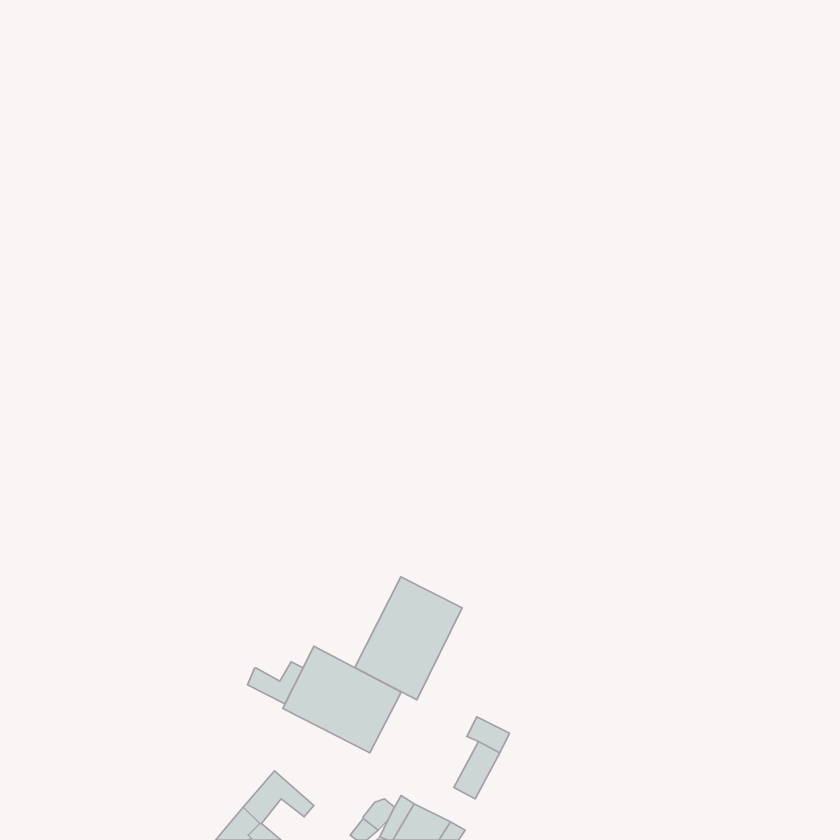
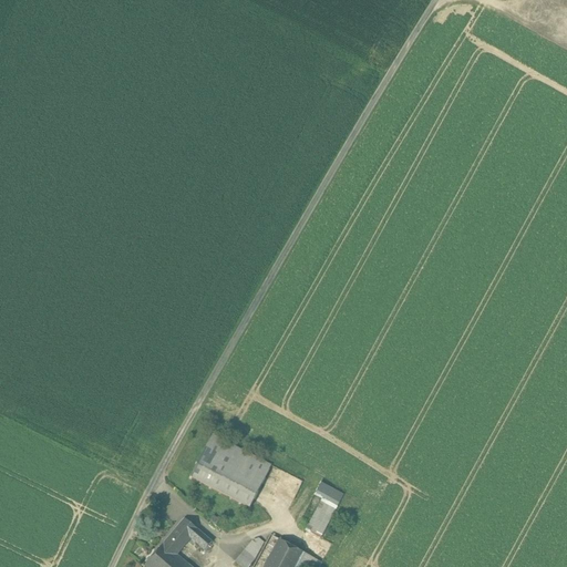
building: [355,577,462,700] -> none
building: [248,662,303,704] -> none

